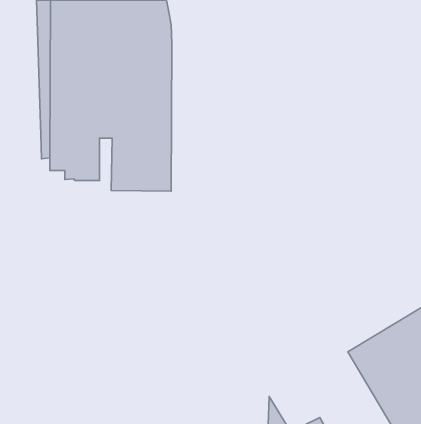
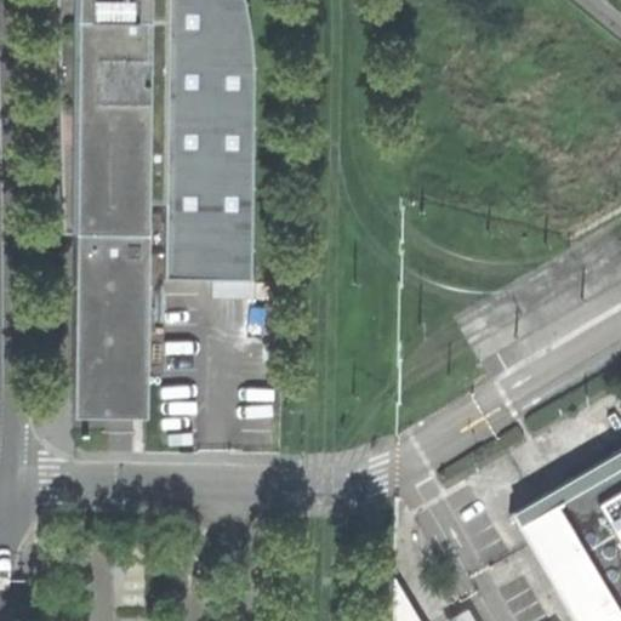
building: none -> [75,250,150,416]

